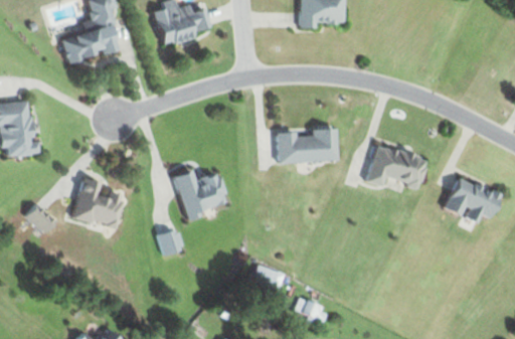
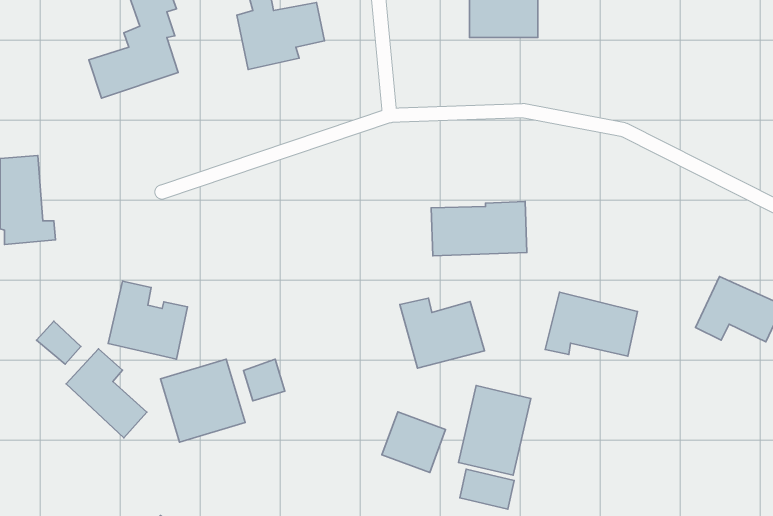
building: [367,146,425,186] -> [545,292,637,356]
building: [174,171,227,215] -> [400,298,484,368]
building: none -> [66,349,147,438]
building: none -> [160,359,245,442]
building: none -> [458,386,531,475]

